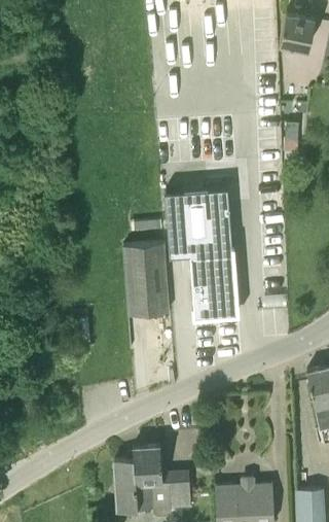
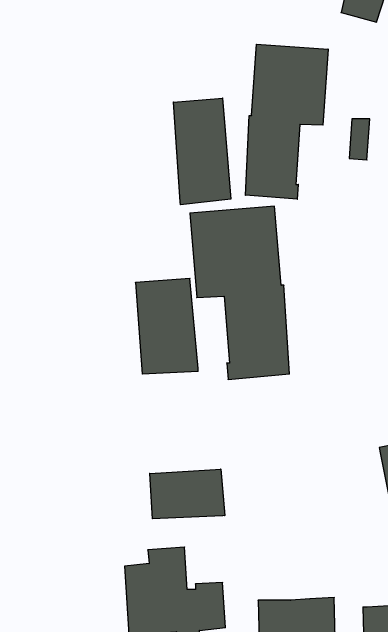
building: none -> [245,44,328,199]
building: none -> [173,98,231,205]
building: none -> [150,469,225,519]

